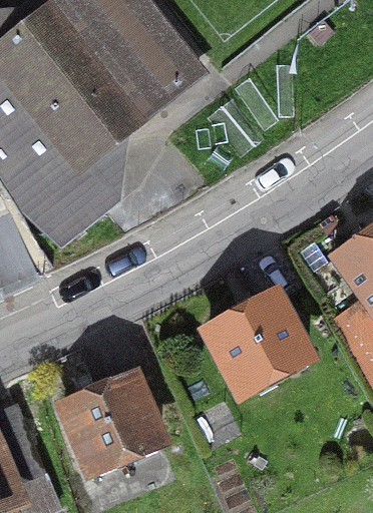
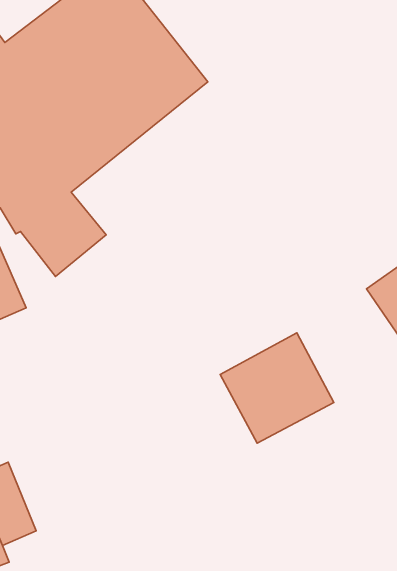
building: [60,380,159,472] -> none

